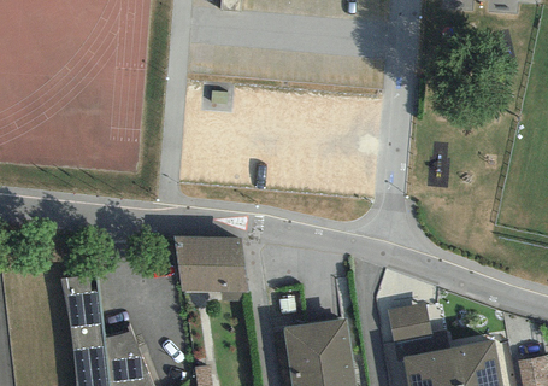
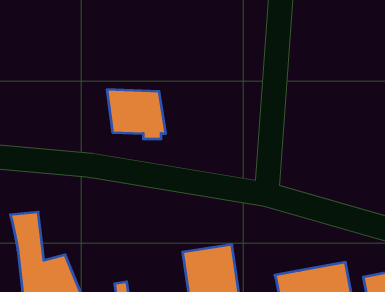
building: [173,235,249,299] -> [107,90,166,139]
building: [388,303,435,362] -> none

